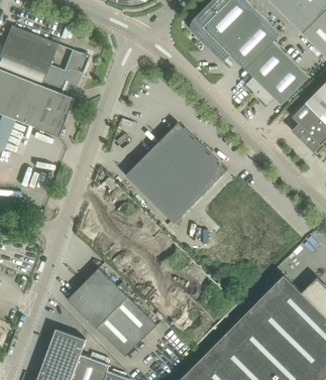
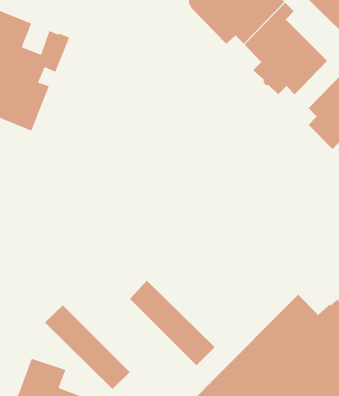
building: [125,123,226,224] -> none
building: [83,268,156,342] -> [129,280,215,366]

